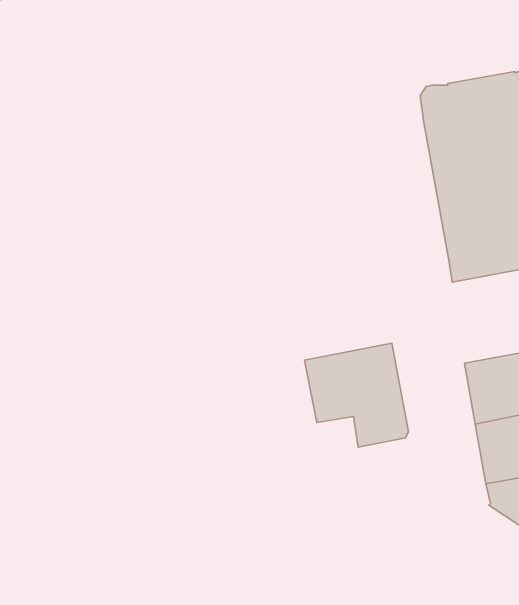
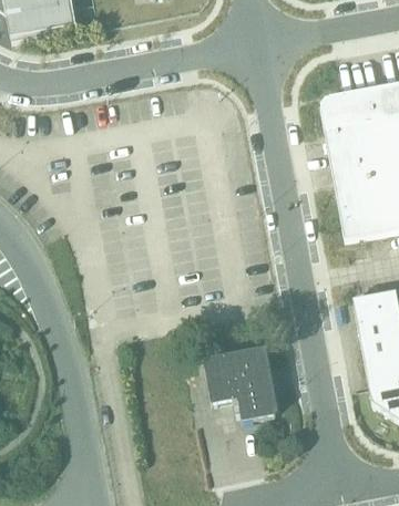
building: [305,343,409,447] -> [202,345,277,421]

